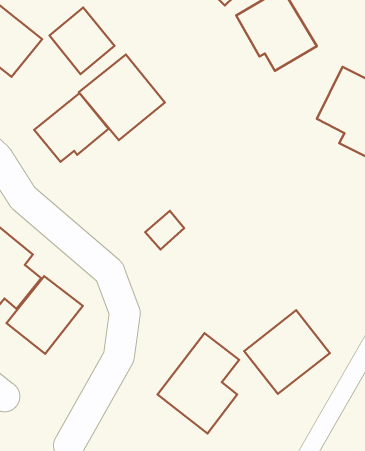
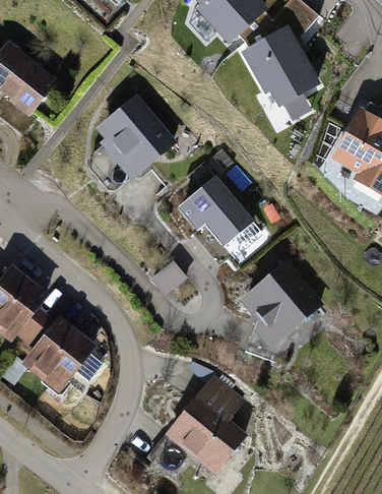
building: [49,7,114,74] -> none
building: [34,93,108,162] -> none
building: none -> [173,174,254,247]
building: [244,310,330,394] -> [236,259,321,343]

